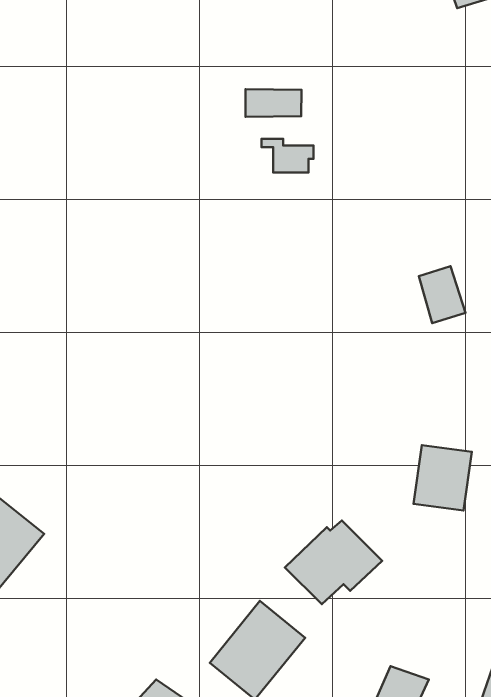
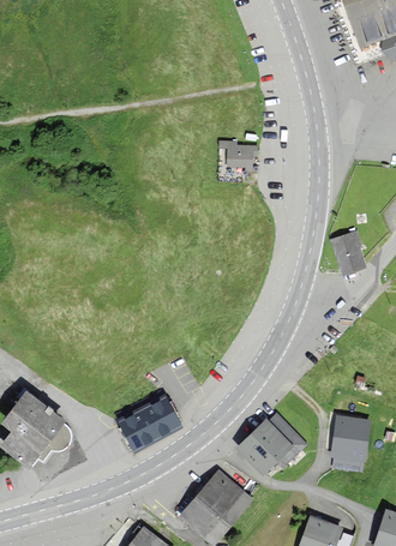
building: [245,89,302,117] -> none
building: [413,445,472,511] -> [330,415,372,462]
building: none -> [122,401,179,449]

